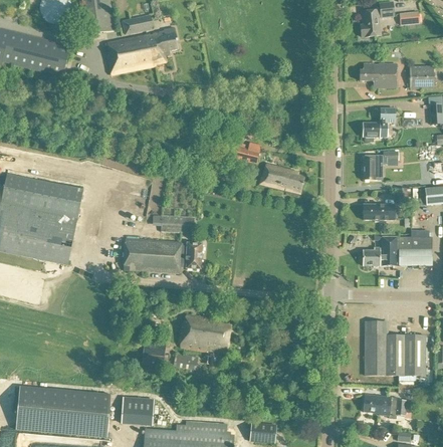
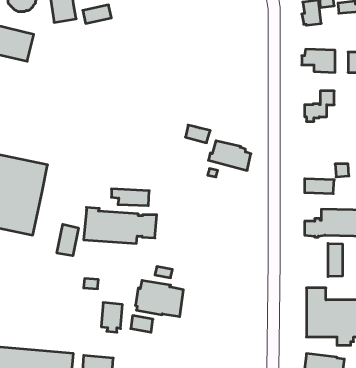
building: [105,24,178,74] -> none
building: [363,155,383,180] -> none
building: none -> [57,224,78,256]
building: none -> [328,243,342,277]

